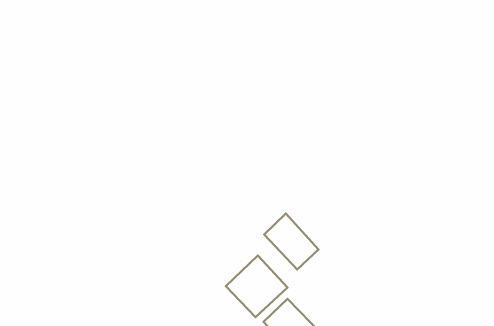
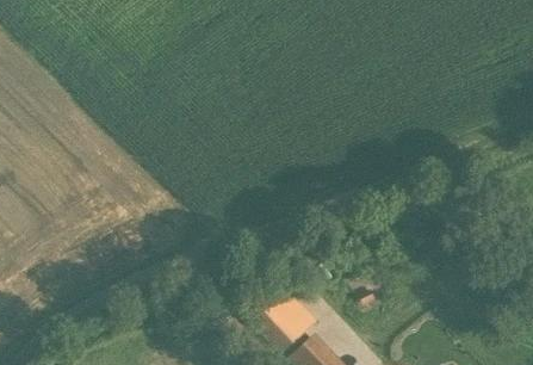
building: [264,214,319,270] -> none

